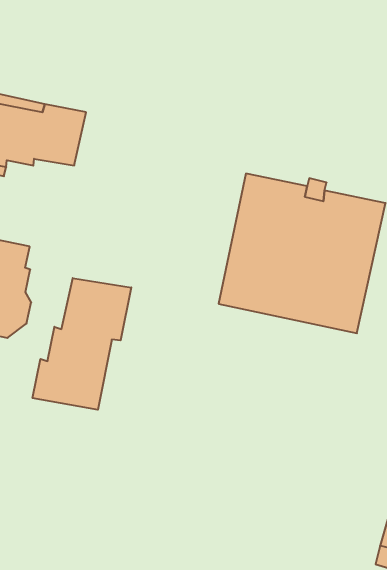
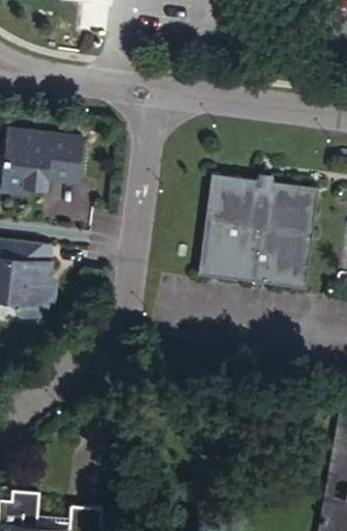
building: [33,278,131,410] -> none

